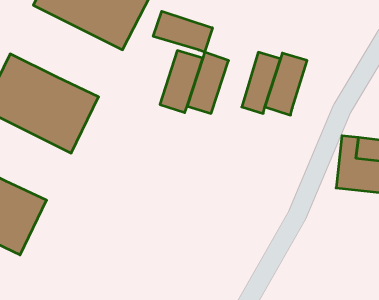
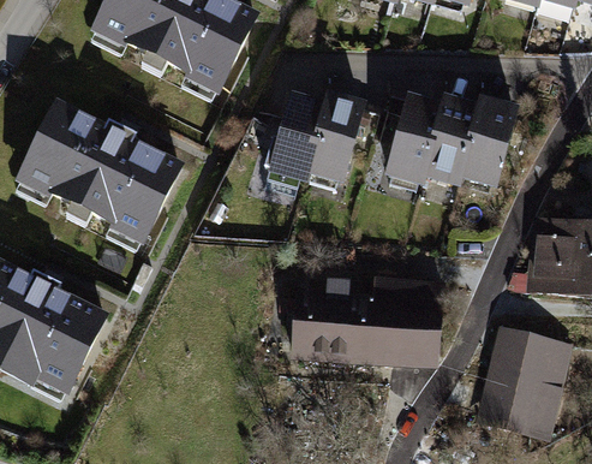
building: [153,11,212,52] -> none
building: none -> [462,101,522,189]
building: none -> [294,279,443,370]
building: none -> [473,327,573,444]

